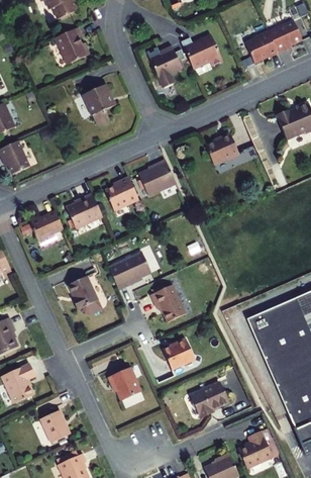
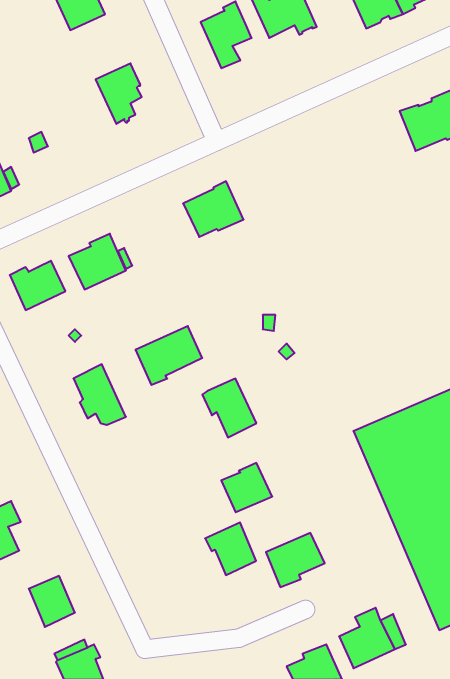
building: [205,134,239,164] -> none
building: [104,177,138,211] -> none
building: [108,367,140,400] -> [205,522,256,575]

